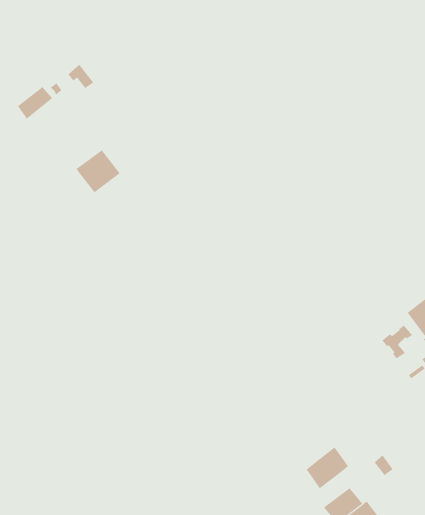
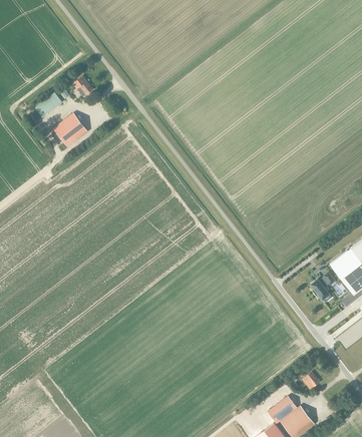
building: [76,149,121,193] -> [54,113,88,146]
building: [306,446,349,489] -> none

